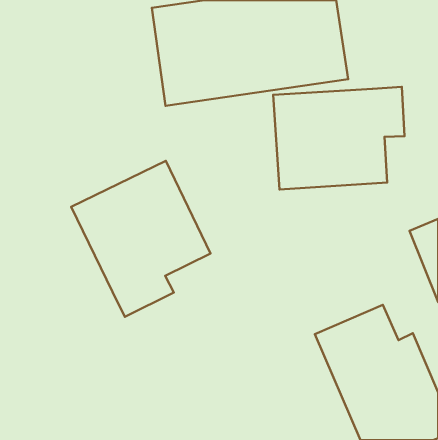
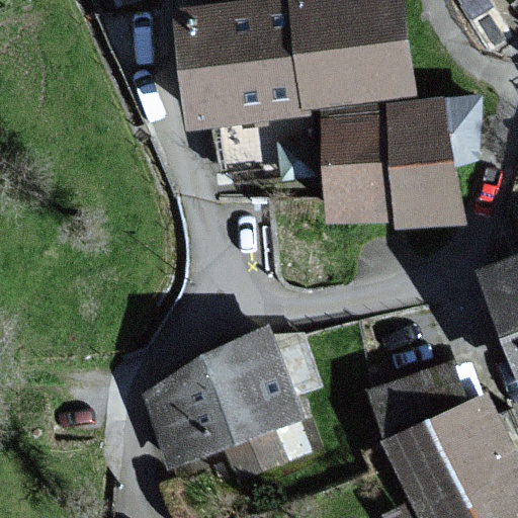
building: [71,161,211,317] -> none
building: none -> [141,329,308,484]

